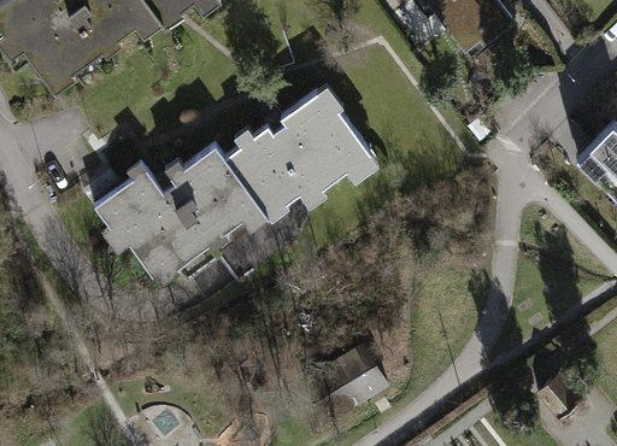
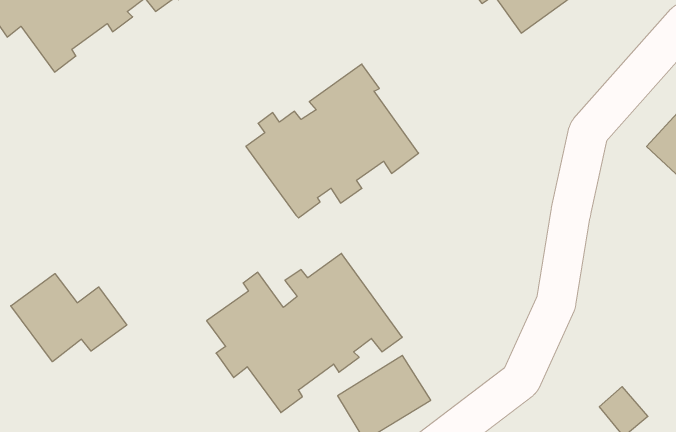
building: [93,145,268,287] -> [207,253,402,413]
building: none -> [11,274,127,362]

